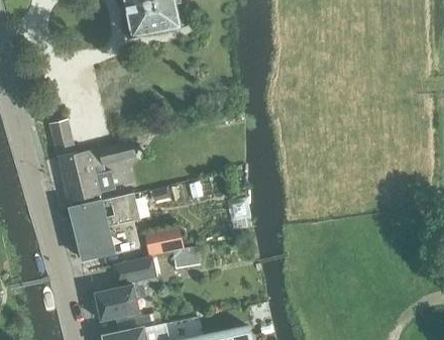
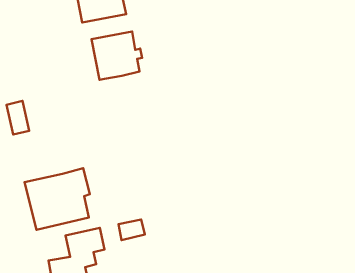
building: none -> [92,32,142,80]
building: [58,141,133,201] -> none
building: [145,225,182,256] -> none

